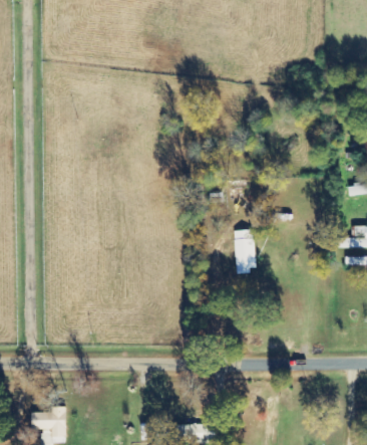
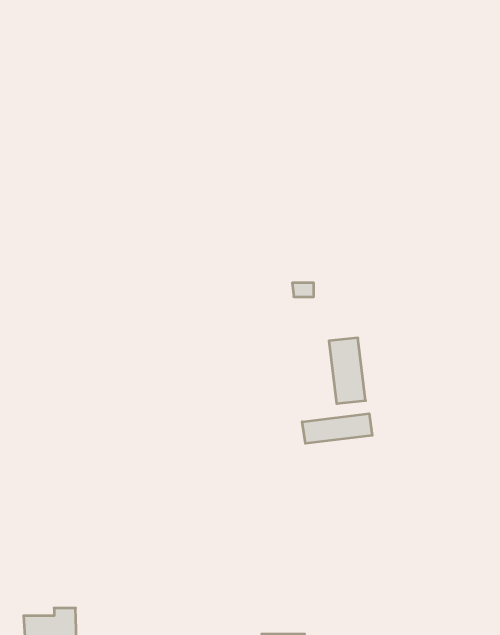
building: none -> [302,414,372,443]

